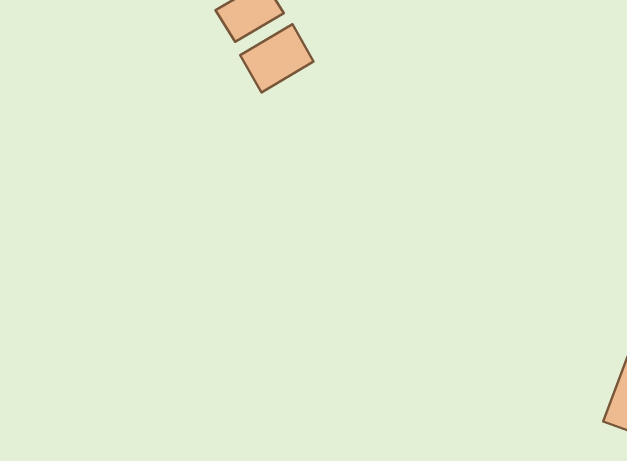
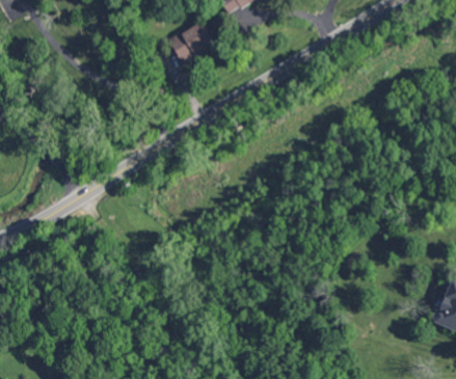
building: [240,24,314,92] -> none

